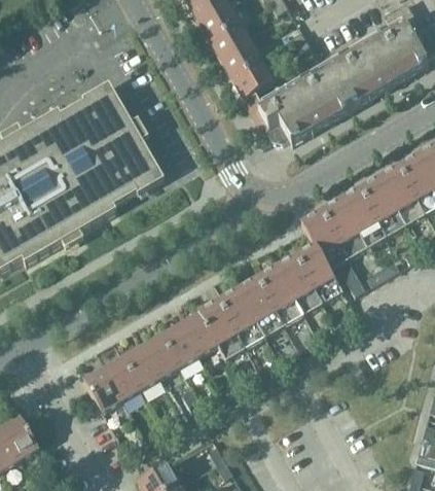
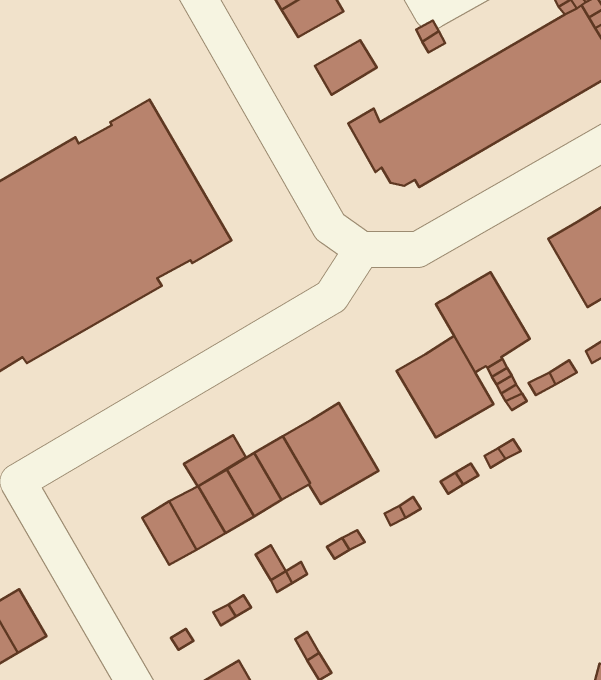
building: [211,23,253,60] -> none
building: [233,61,276,99] -> none
building: [341,177,407,245] -> none
building: [239,267,304,335] -> none
building: none -> [184,435,246,486]
building: [84,366,123,411] -> none

